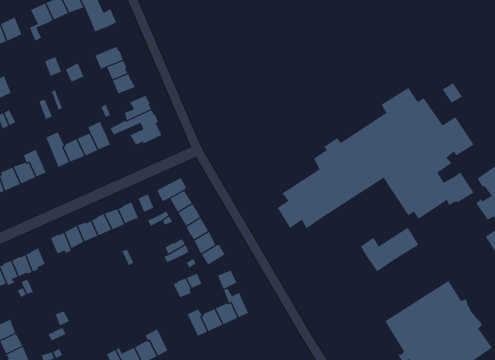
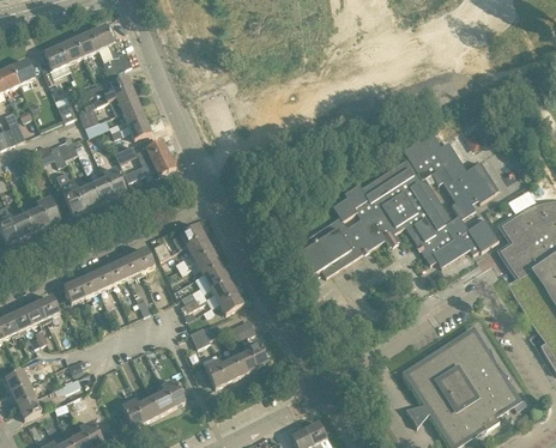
building: none -> [85,74,132,104]
building: [360,227,419,272] -> none

